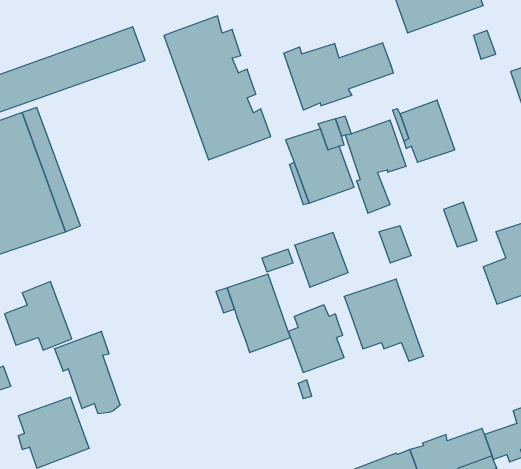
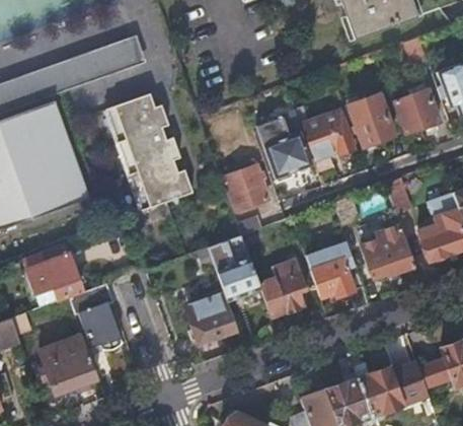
building: [164,16,271,160] -> [106,90,194,208]
building: [284,43,393,110] -> none
building: none -> [395,87,440,132]
building: [295,233,348,287] -> [225,165,268,210]
building: none -> [363,224,414,277]
building: none -> [183,290,237,342]

